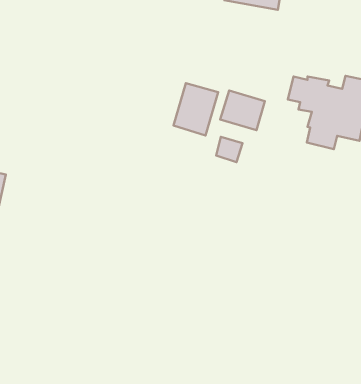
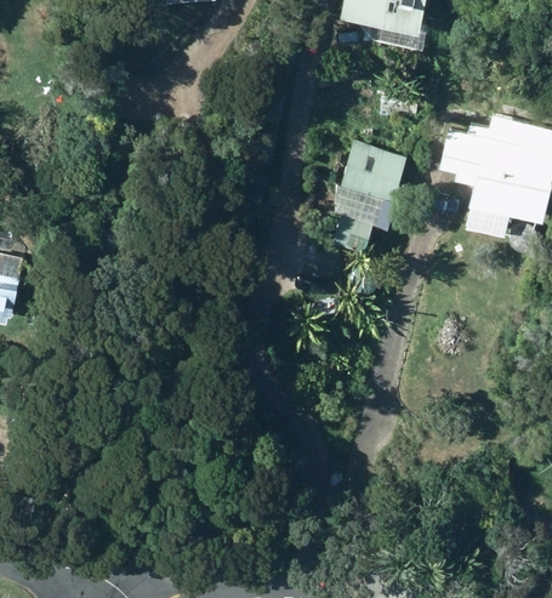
building: [174,83,218,135] -> none

